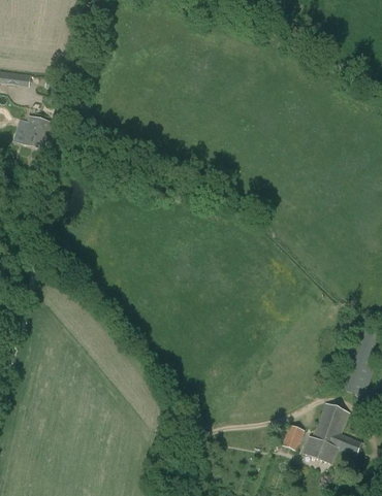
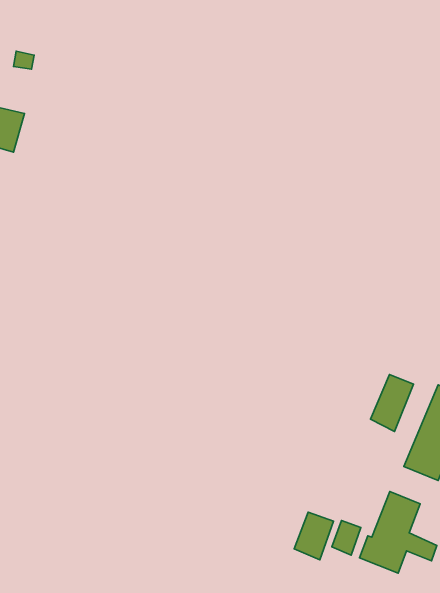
building: none -> [370,374,414,431]
building: none -> [294,512,334,560]

